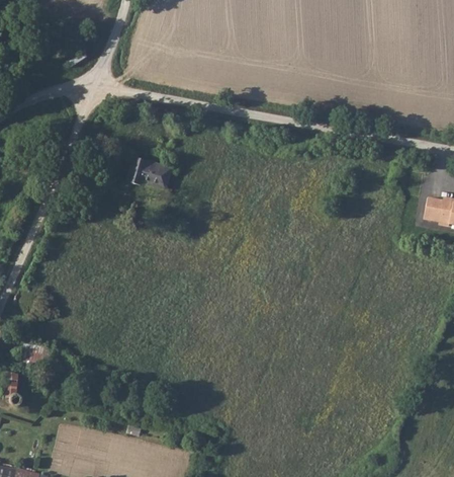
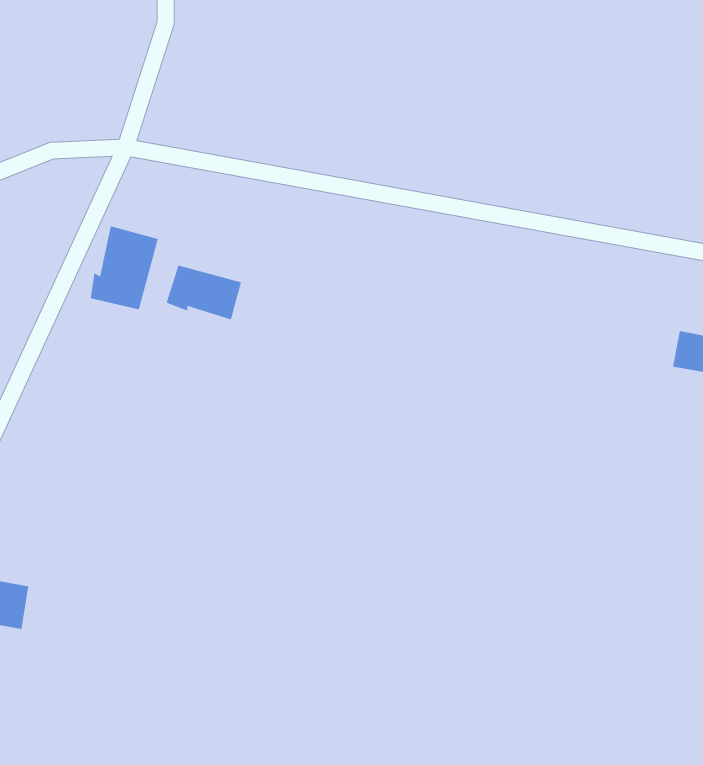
building: none -> [90,226,158,310]

